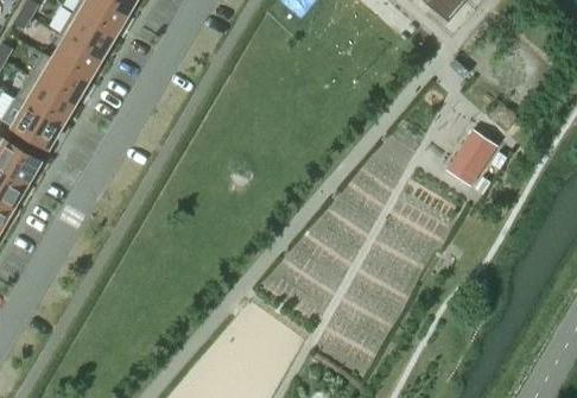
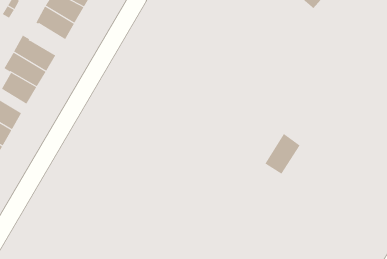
building: [51,37,101,81] -> none
building: [446,129,496,187] -> [265,133,301,175]

